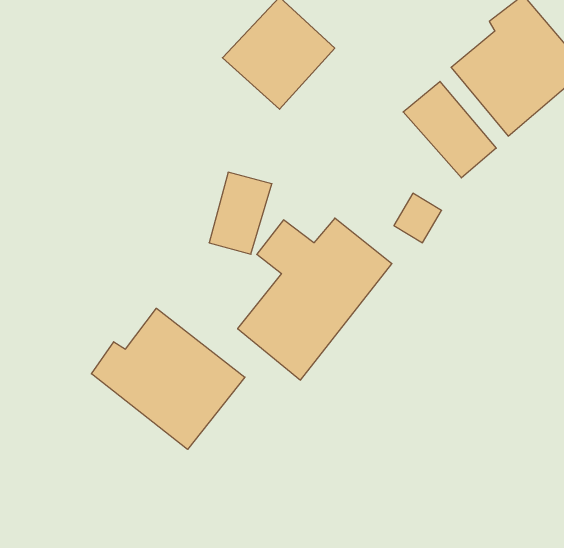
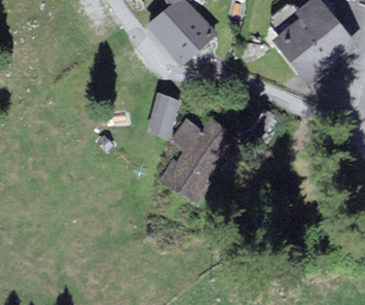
building: [403,81,496,178] -> none
building: [91,308,245,449] -> none

